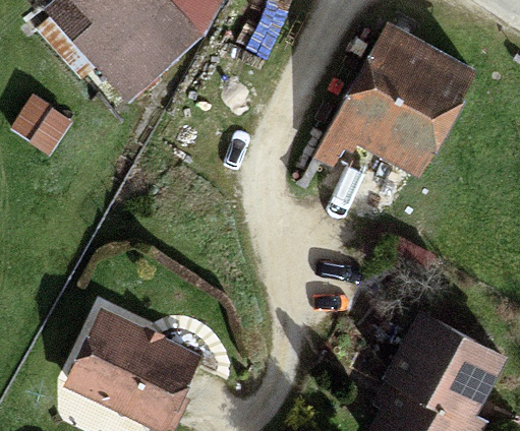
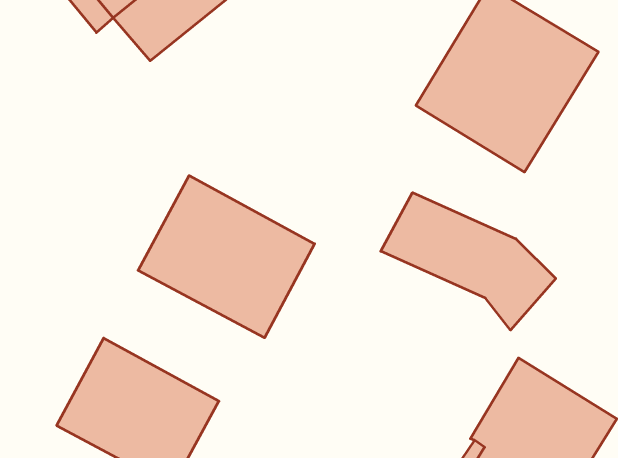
building: none -> [138,176,315,338]
building: none -> [381,193,556,330]

